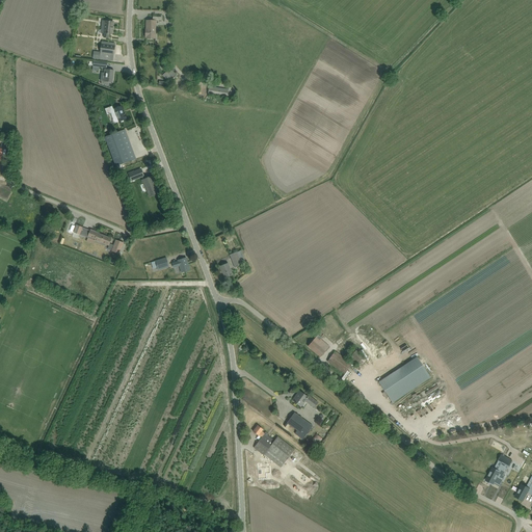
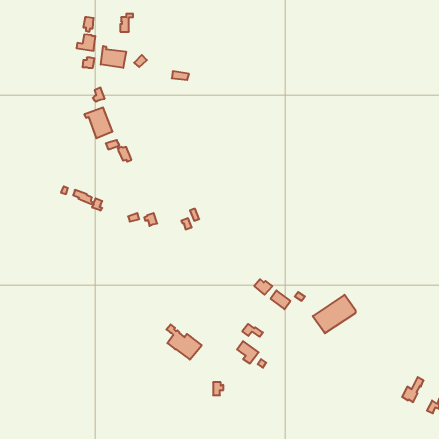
building: none -> [101,46,126,68]
building: [252,425,295,468] -> [166,324,202,360]

